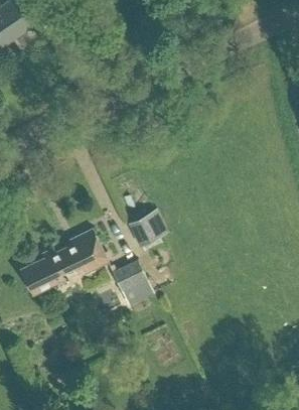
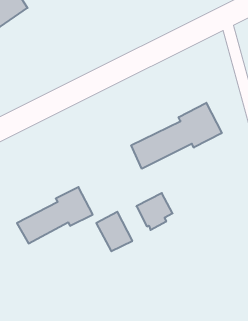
building: none -> [131,103,222,169]
building: [127,208,168,250] -> [136,193,173,230]

